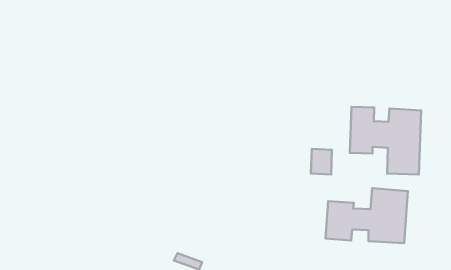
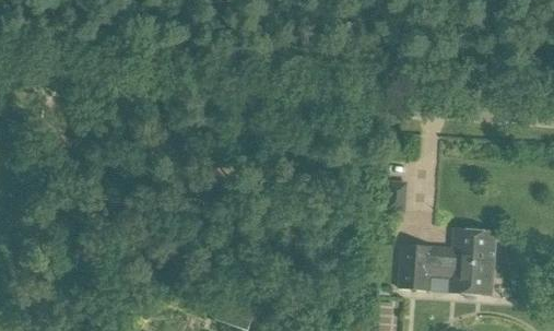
building: [350,107,421,174] -> none

